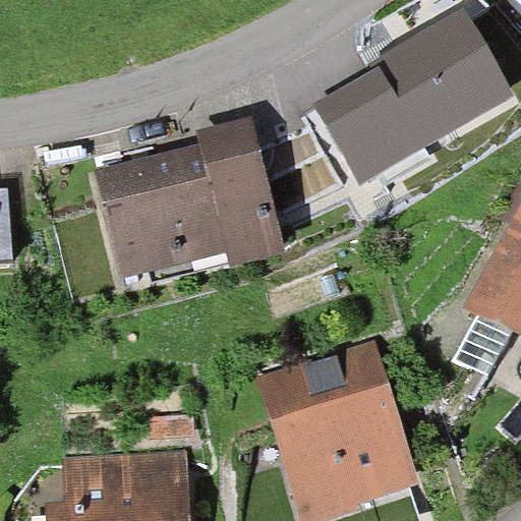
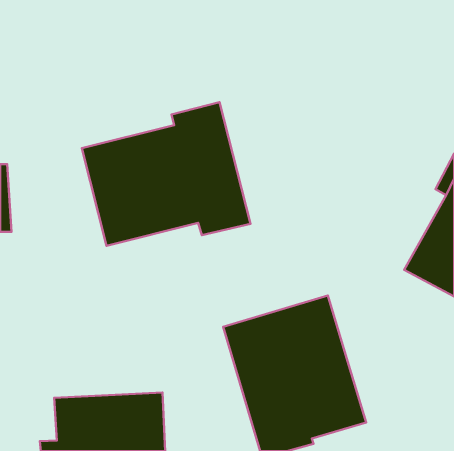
building: [313,10,515,187] -> none

